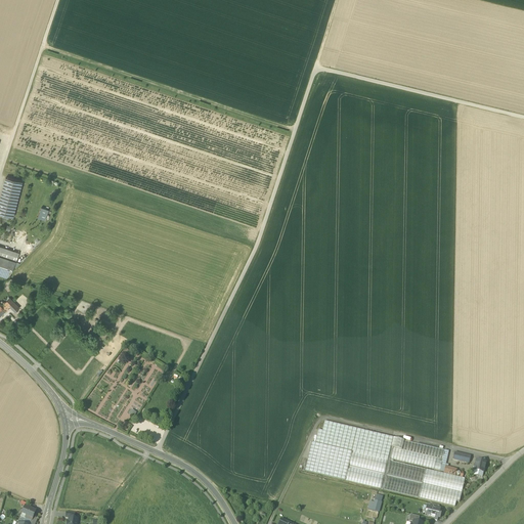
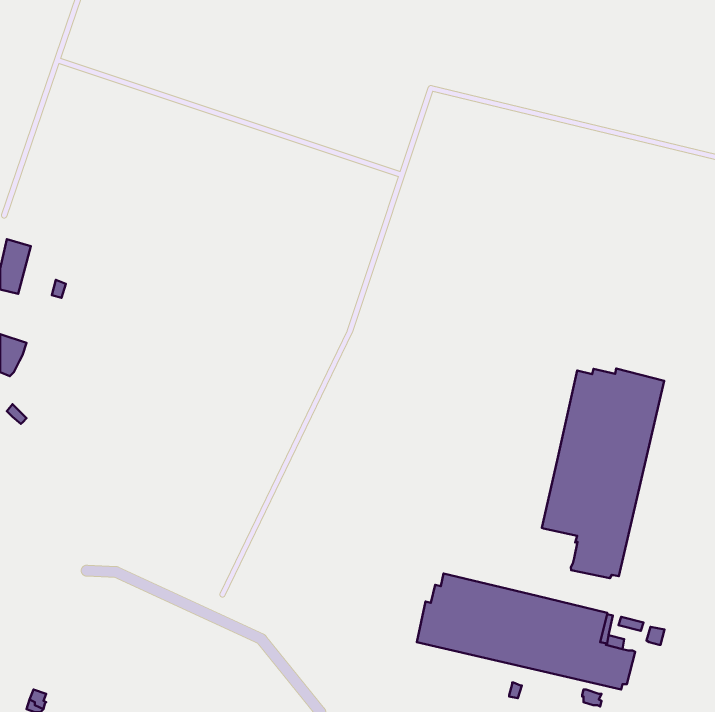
building: none -> [542,369,664,578]

